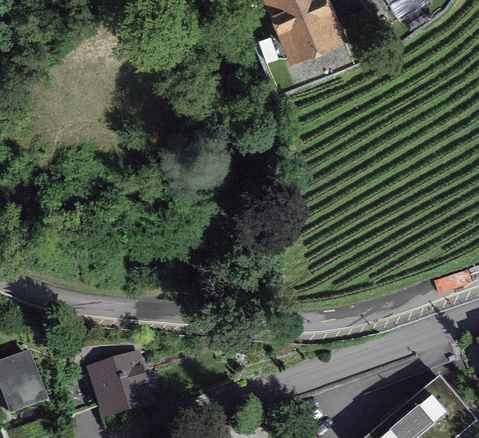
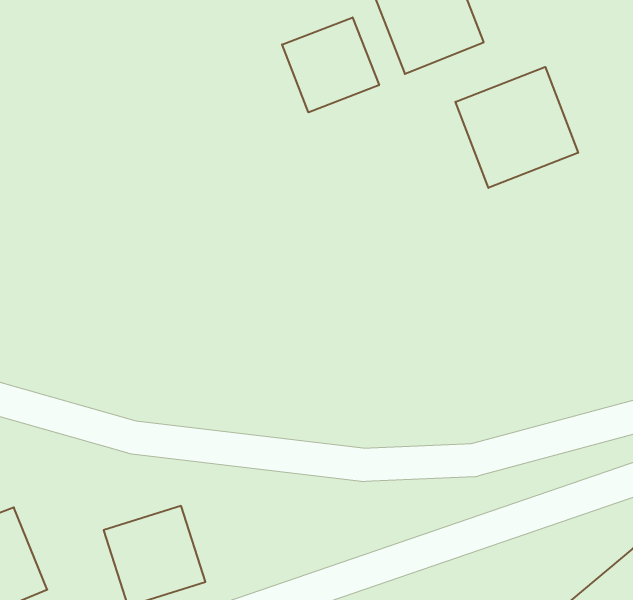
building: none -> [282,17,379,112]
building: none -> [455,67,578,188]

